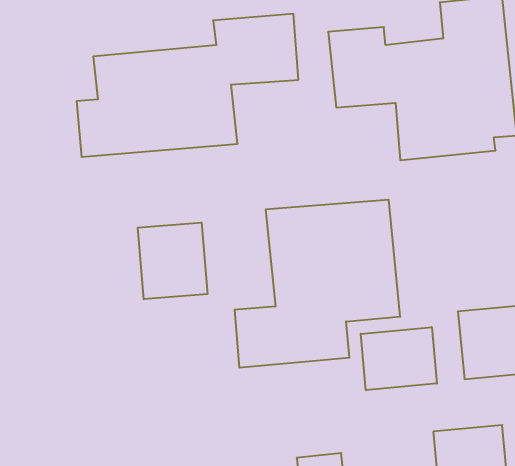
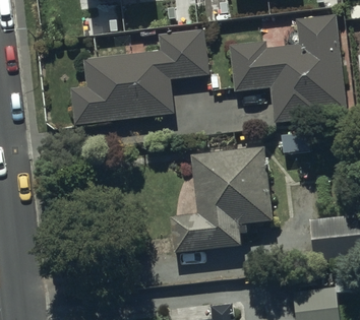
building: [138,222,207,299] -> none
building: [361,327,437,390] -> none

